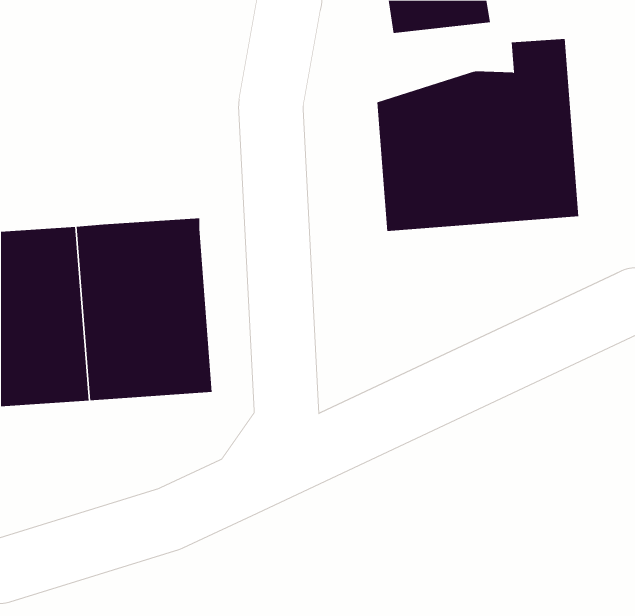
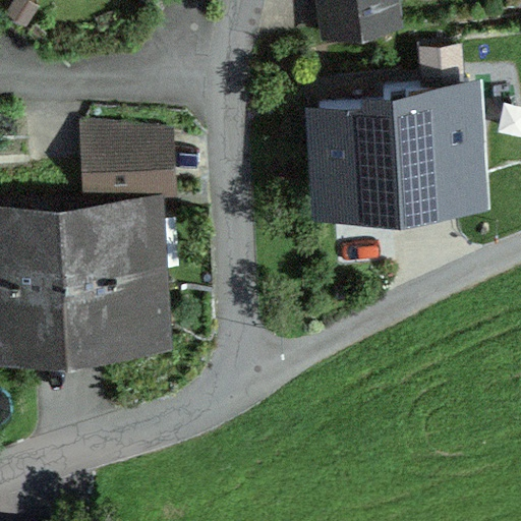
building: none -> [79,123,176,204]

